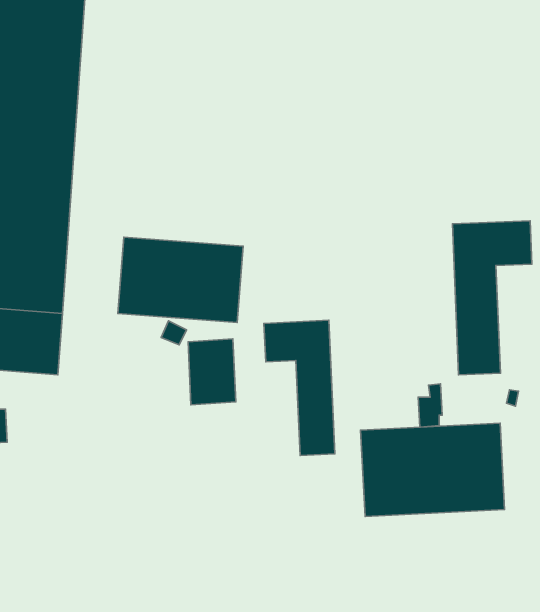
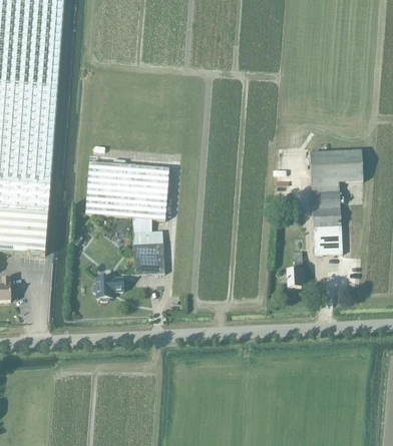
building: [264,320,335,456] -> none
building: none -> [93,275,123,299]
building: [360,423,505,517] -> none

